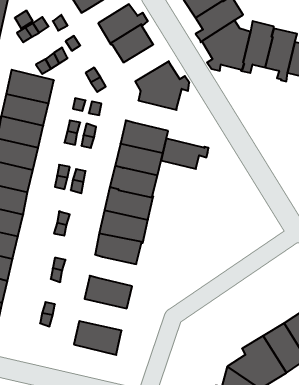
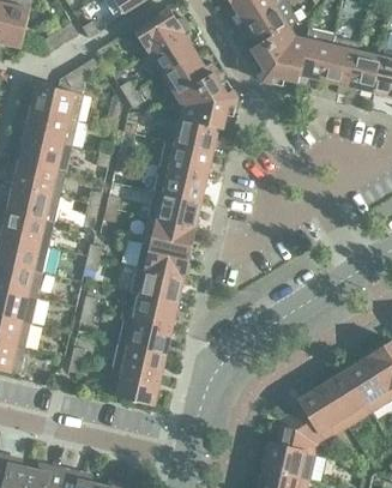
building: none -> [163,53,218,95]
building: [161,138,209,169] -> [174,116,228,151]
building: none -> [133,294,177,327]
building: none -> [113,342,167,378]

